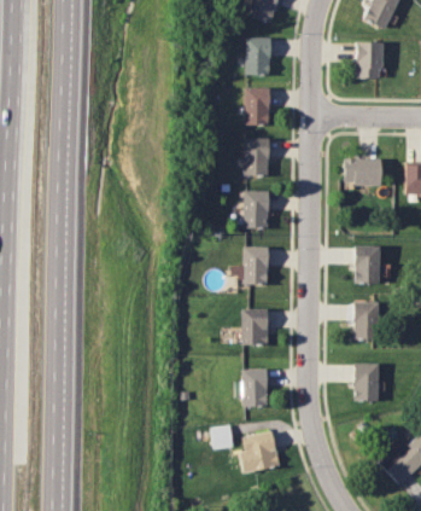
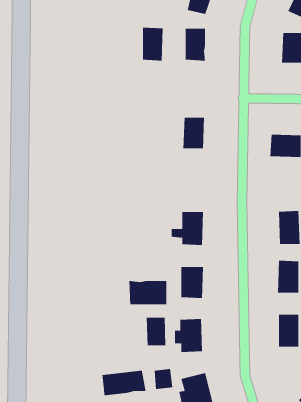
building: [247,87,271,126] -> [142,27,163,61]
building: [244,190,270,228] -> none
building: none -> [129,280,167,305]
building: none -> [146,317,166,346]
building: none -> [102,370,146,396]

